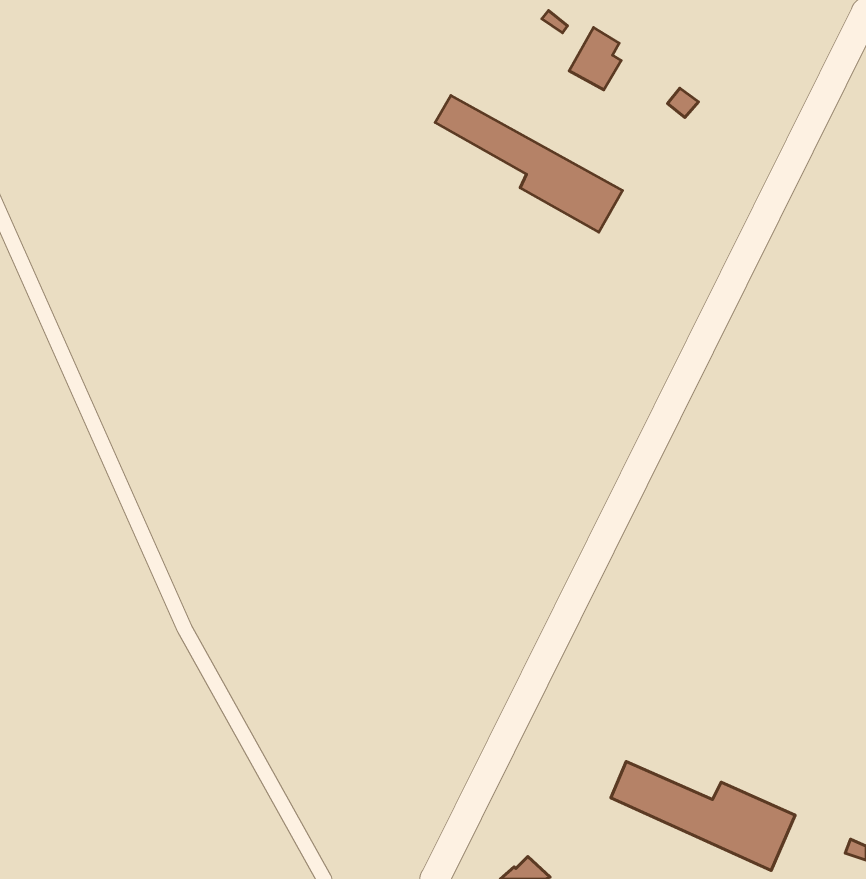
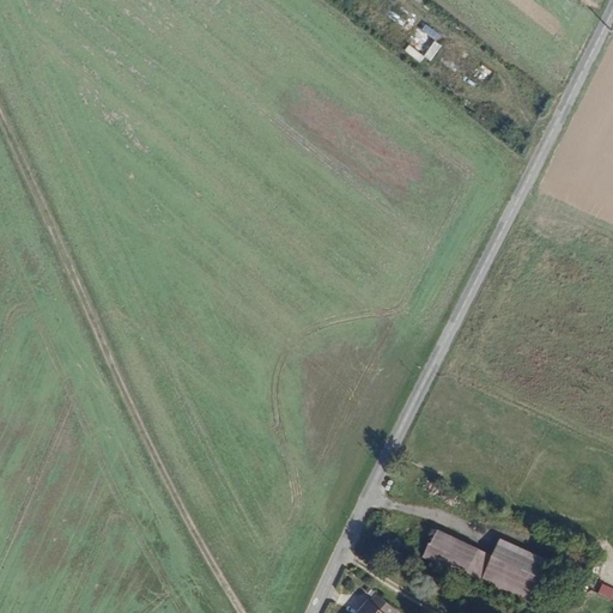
building: [435,96,623,232] -> none

